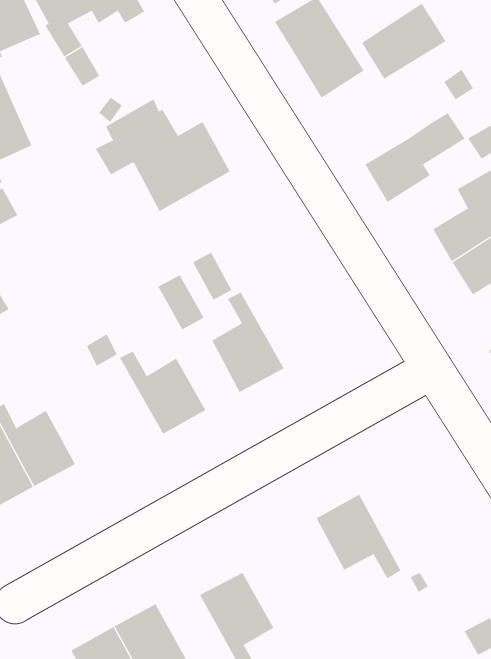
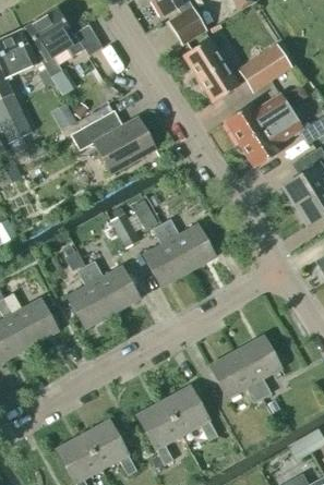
building: none -> [225,96,292,144]
building: none -> [163,218,216,271]
building: none -> [68,265,113,328]
building: none -> [237,336,283,398]
building: none -> [164,385,218,440]

